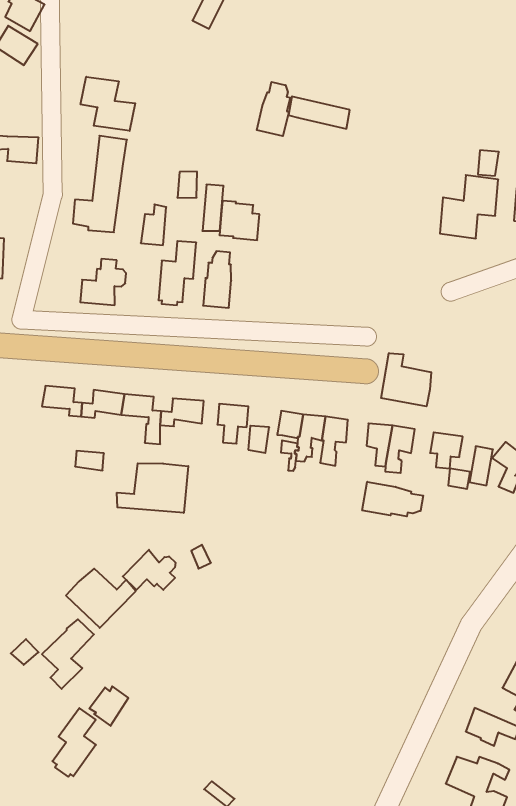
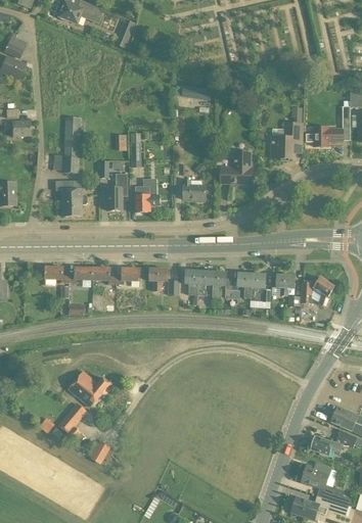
building: [81,77,135,131] -> none
building: [257,82,290,136] -> none
building: [219,201,259,240] -> [183,179,206,200]
building: none -> [221,151,254,184]
building: none -> [55,180,84,202]
building: [381,353,431,406] -> none
building: [117,463,188,513] -> none
building: [362,482,423,516] -> none
building: [123,550,175,590] -> none
building: [52,708,96,777] -> none

